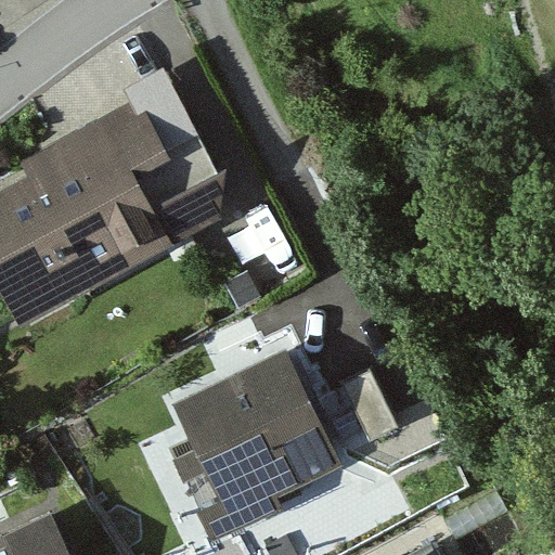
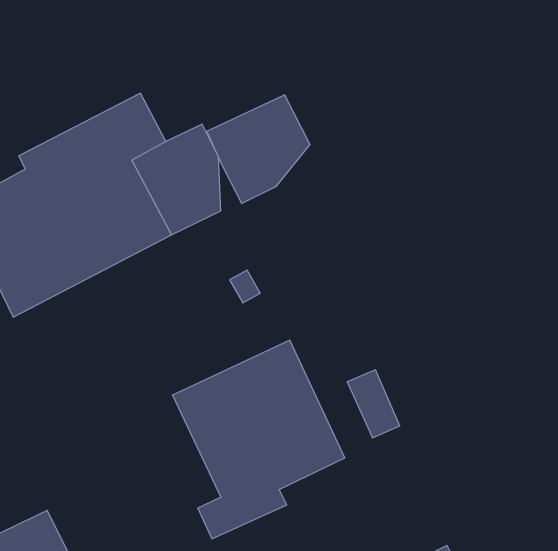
building: none -> [207,95,310,204]

